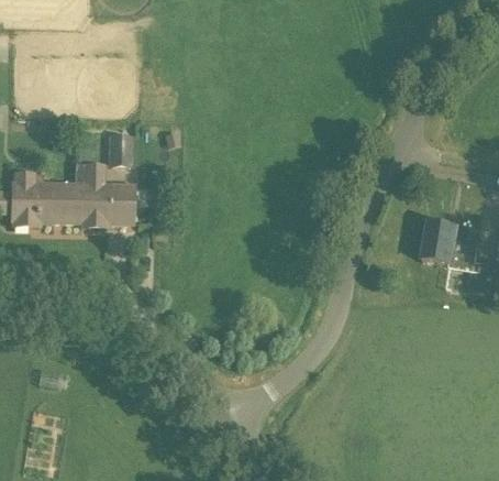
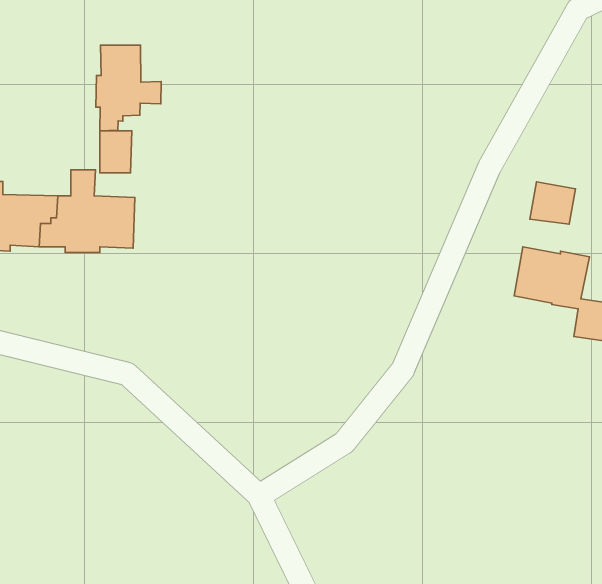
building: none -> [96,45,161,131]
building: none -> [530,182,575,224]

